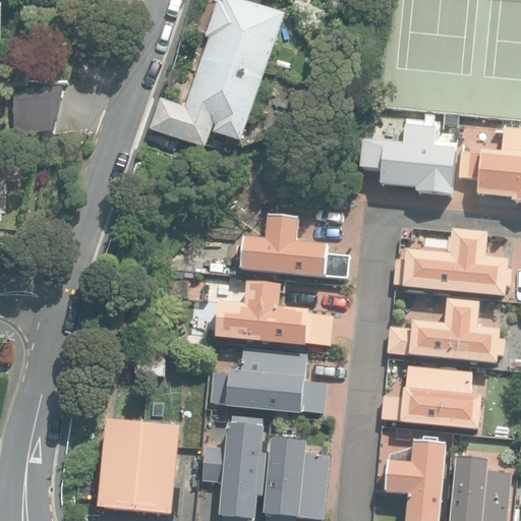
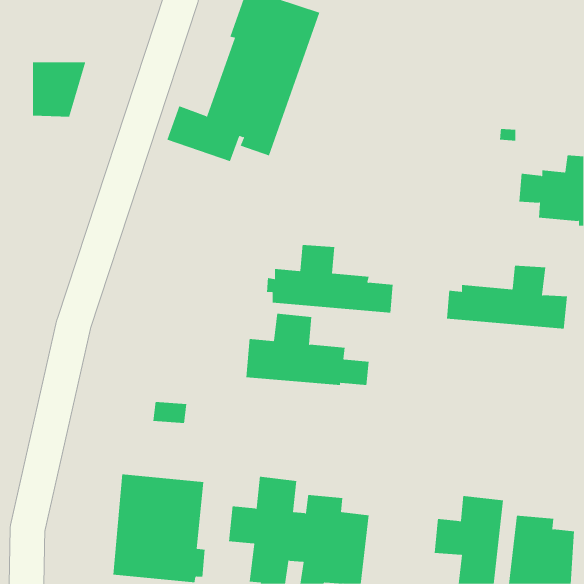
building: [362,120,454,193] -> none
building: [389,302,498,361] -> none
building: [216,349,329,415] -> none
building: [381,361,477,422] -> none

